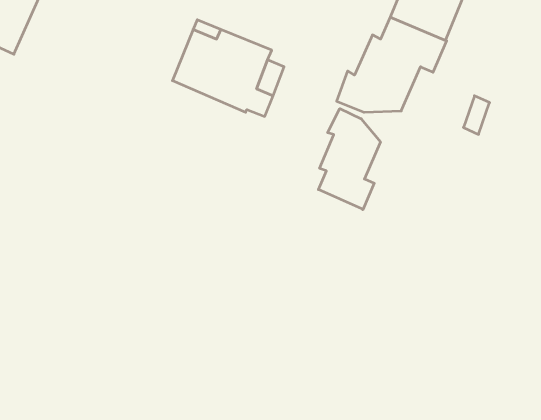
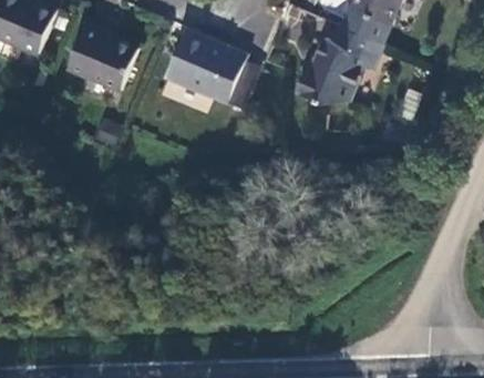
building: none -> [66,23,136,91]
building: [318,109,380,210] -> none

